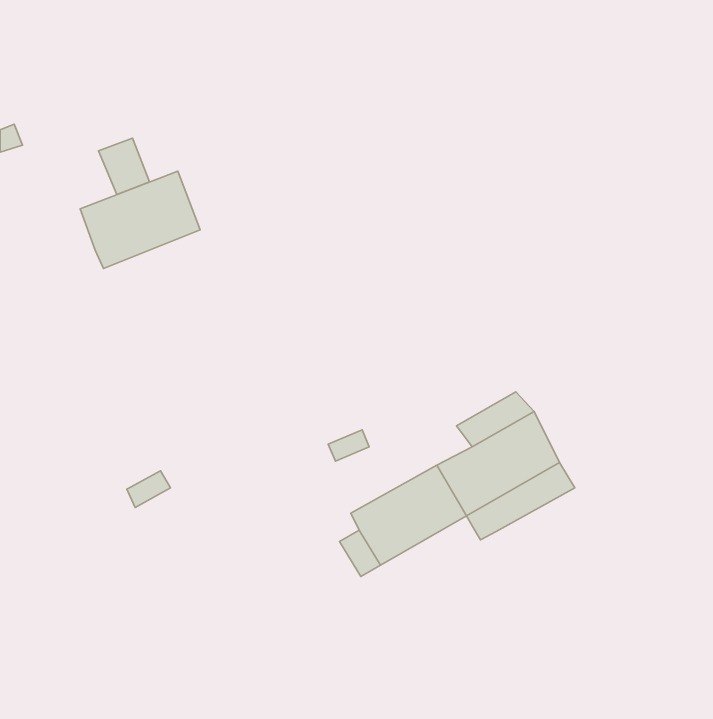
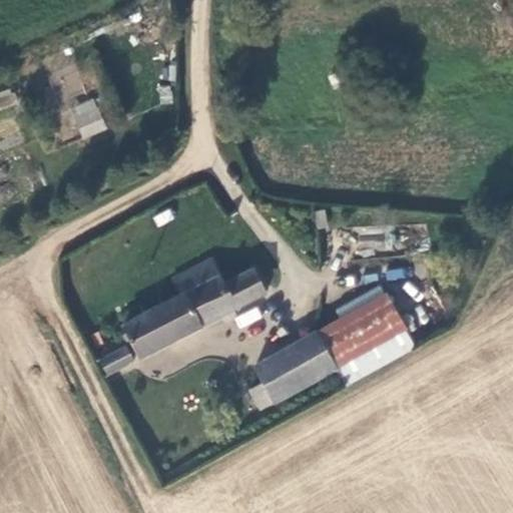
building: [80,171,200,269] -> none
building: none -> [125,259,265,357]

